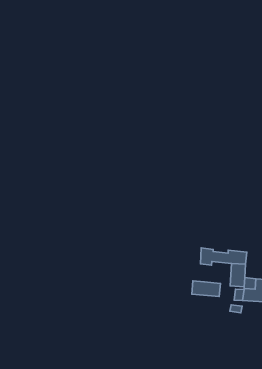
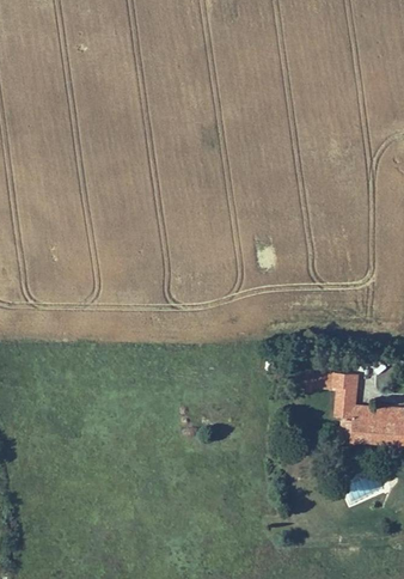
building: [192,281,220,297] -> none

